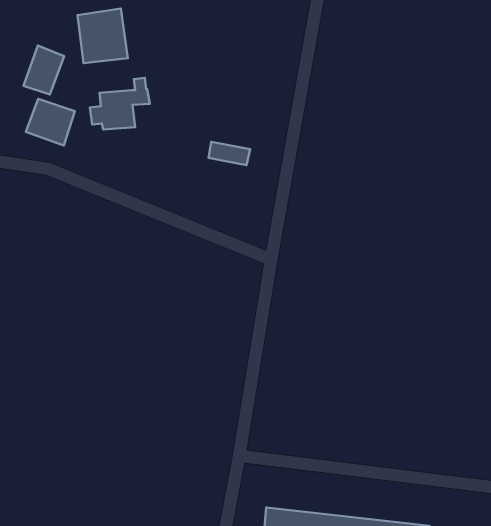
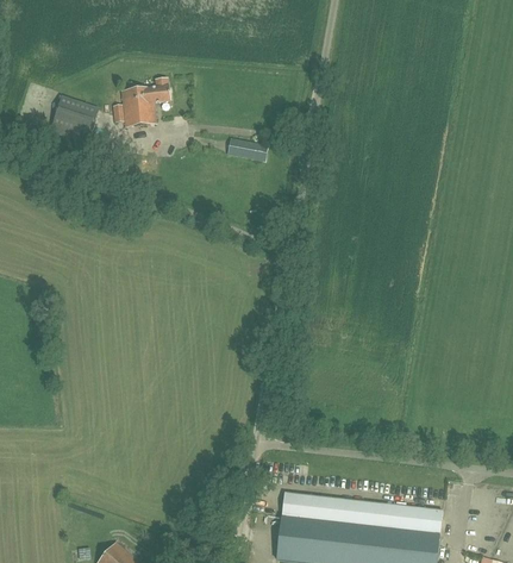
building: [77,9,128,63] -> none
building: [23,46,64,95] -> none

